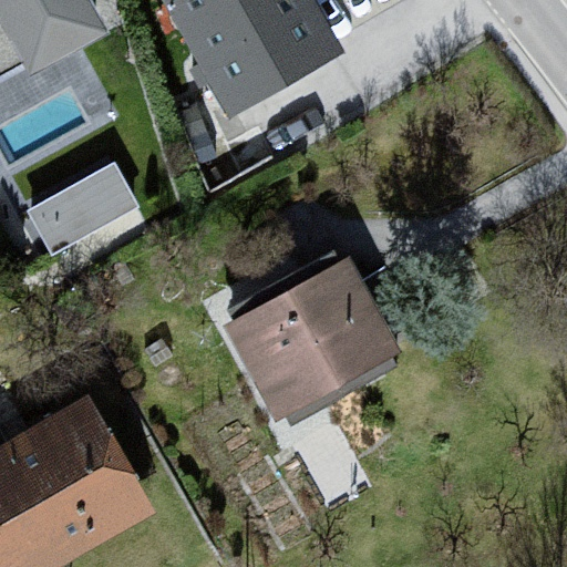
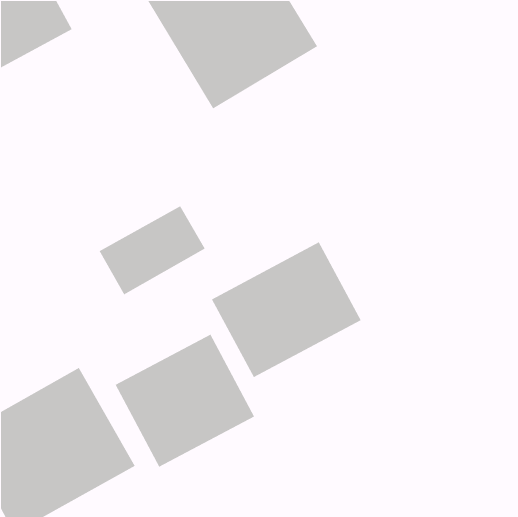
building: [25,148,143,247] -> [98,205,206,295]
building: none -> [114,333,255,468]

